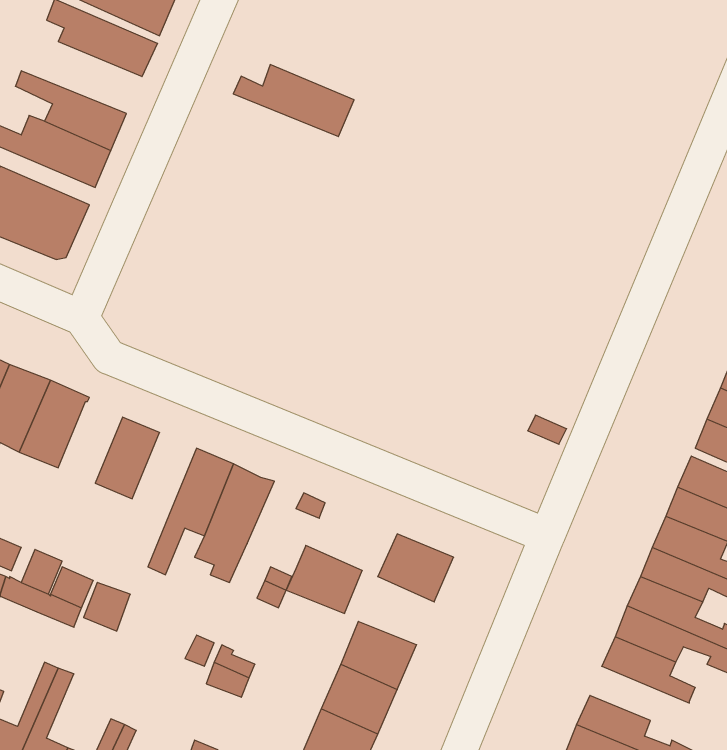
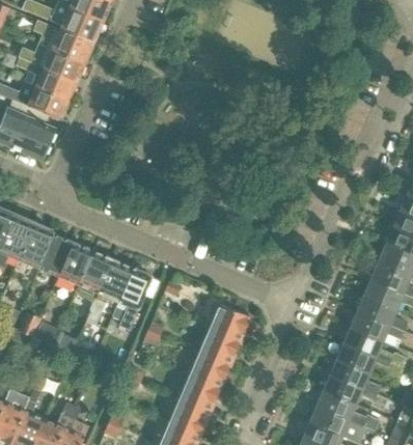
building: [233,65,354,137] -> [20,41,84,80]
building: none -> [39,233,74,277]
building: none -> [79,250,113,294]
building: [286,545,362,613] -> [199,327,240,363]
building: none -> [323,374,388,410]

